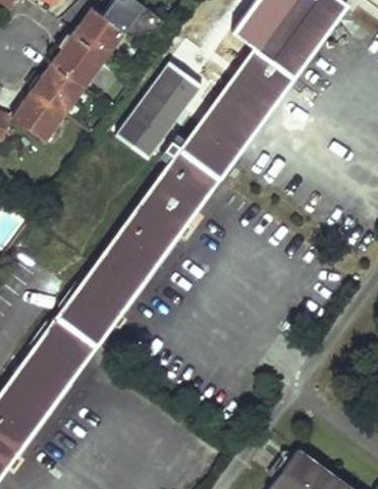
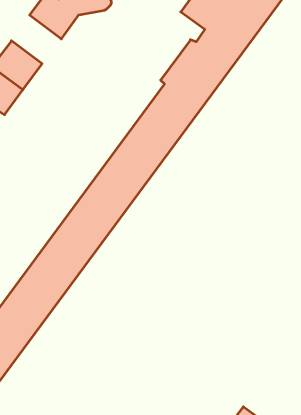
building: [51,34,104,86] -> none
building: [117,52,210,159] -> none

